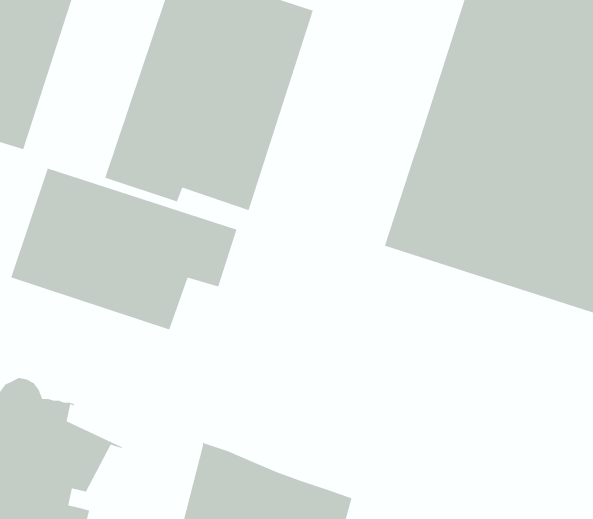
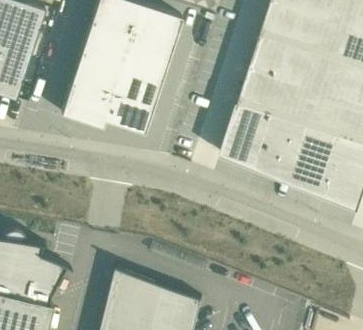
building: [10,167,237,330] -> none

